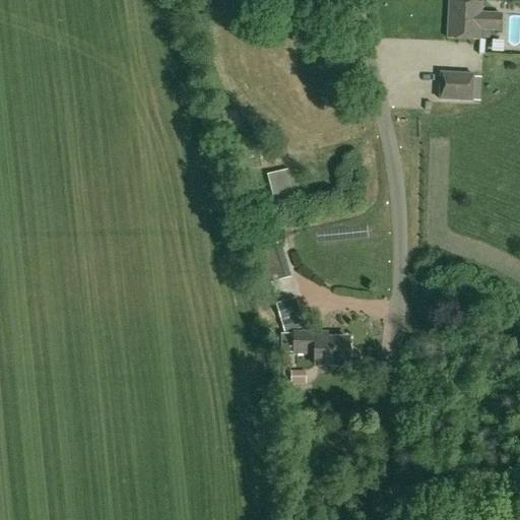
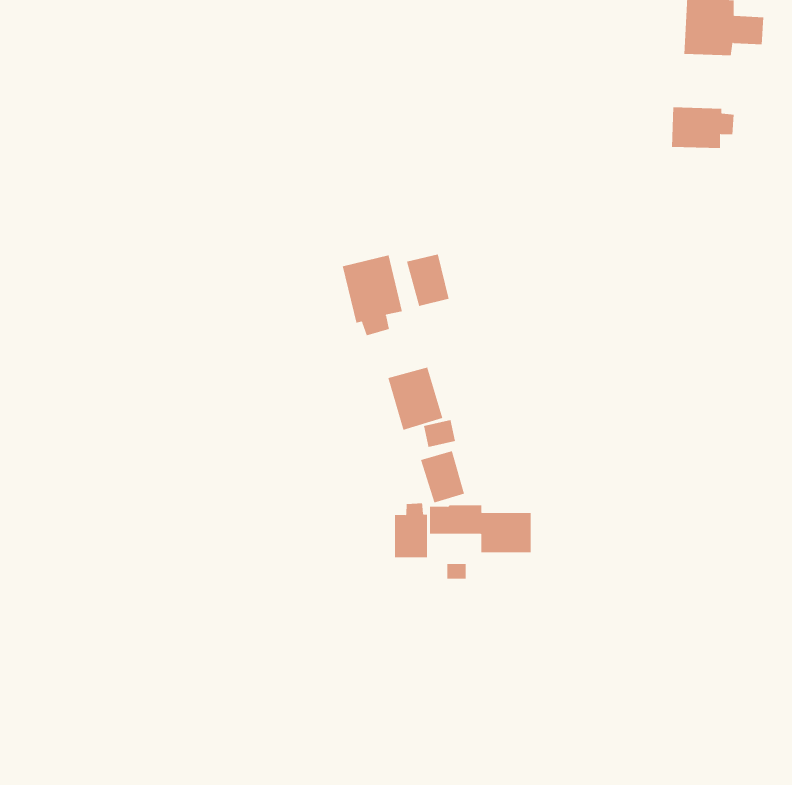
building: none -> [342,254,403,336]
building: none -> [394,503,427,558]

